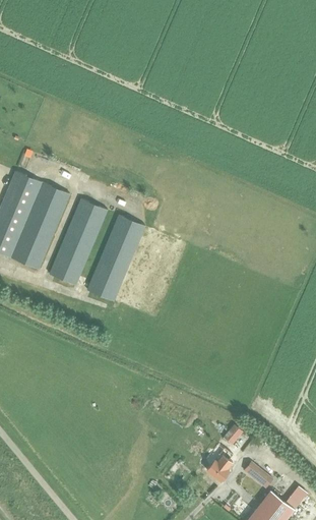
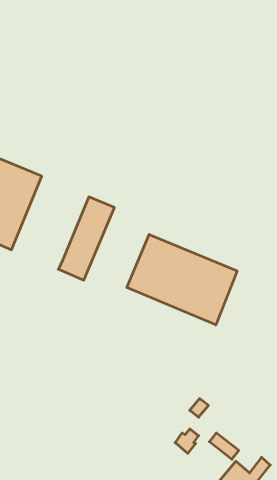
building: [49,198,107,285] -> none
building: none -> [127,234,237,325]

